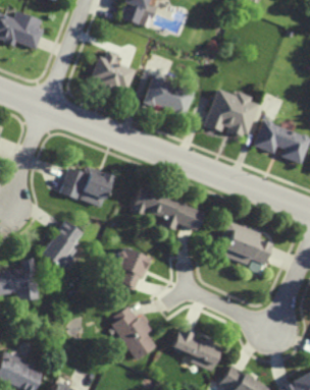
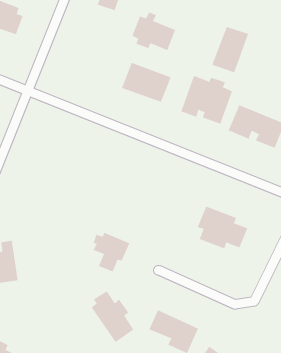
building: none -> [211,26,249,73]
building: [91,52,136,92] -> [132,12,176,51]
building: [61,165,115,207] -> none
building: [133,185,207,230] -> none
building: [41,219,84,271] -> none

